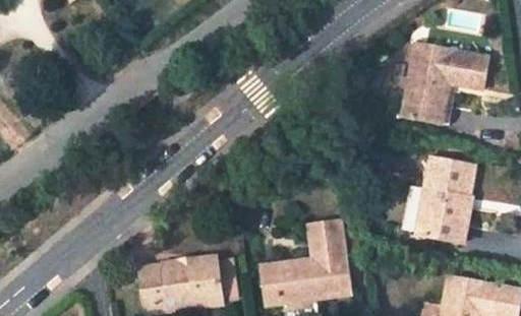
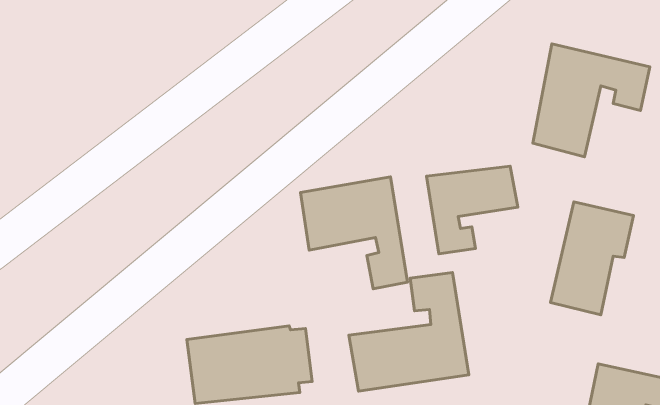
building: none -> [426,166,518,254]
building: none -> [301,177,407,289]

